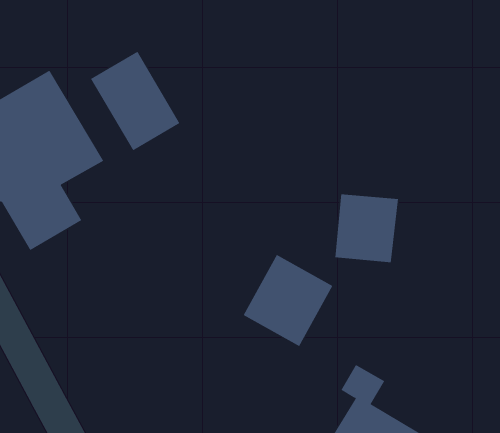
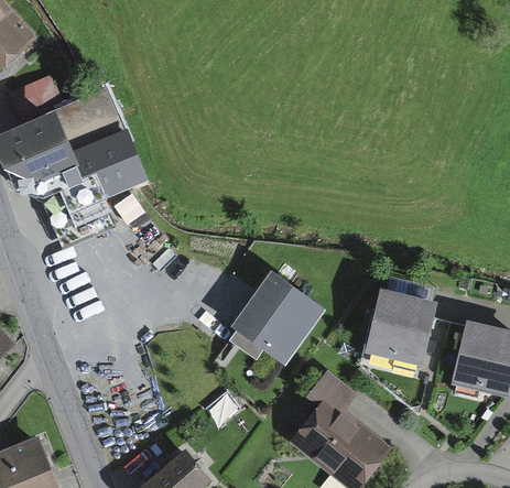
building: [90,51,180,151] -> none
building: [335,194,399,263] -> [371,291,432,355]

